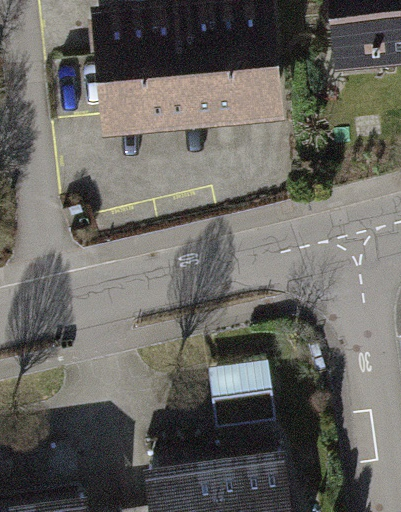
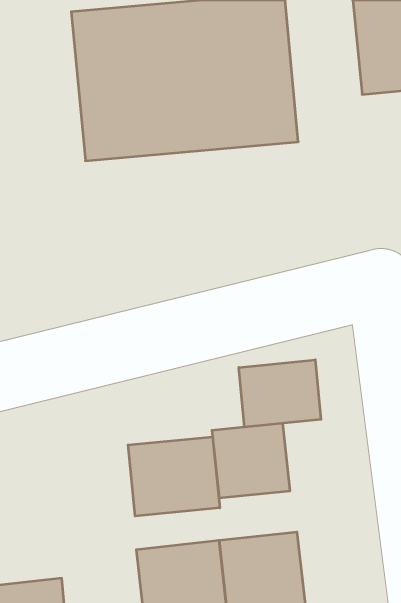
building: none -> [239,360,321,427]
building: none -> [128,437,220,516]

